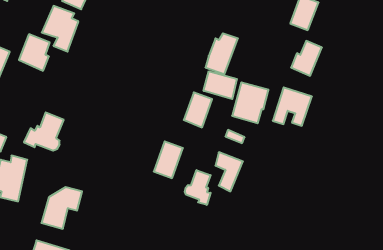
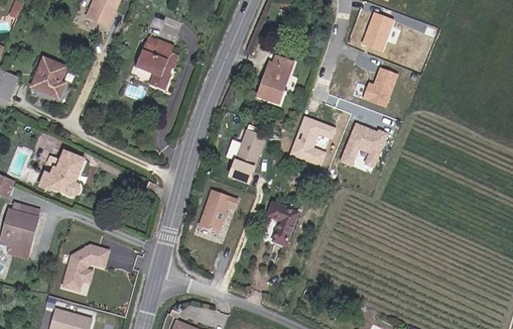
building: [42,6,78,52] -> [136,36,180,92]
building: [204,71,237,99] -> none
building: [185,170,211,205] -> none

